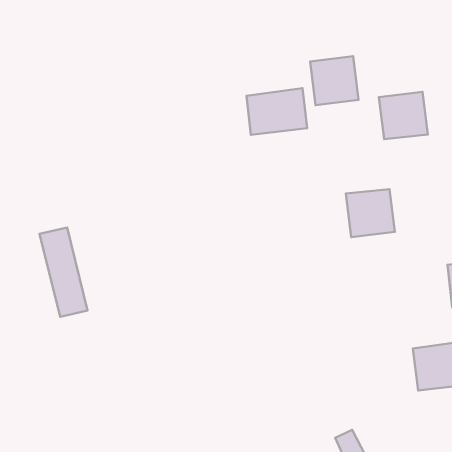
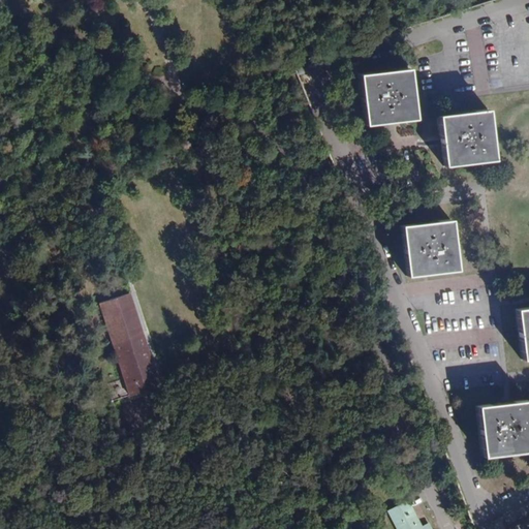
building: [246,88,307,135] -> none
building: [40,228,88,317] -> [100,298,156,401]

